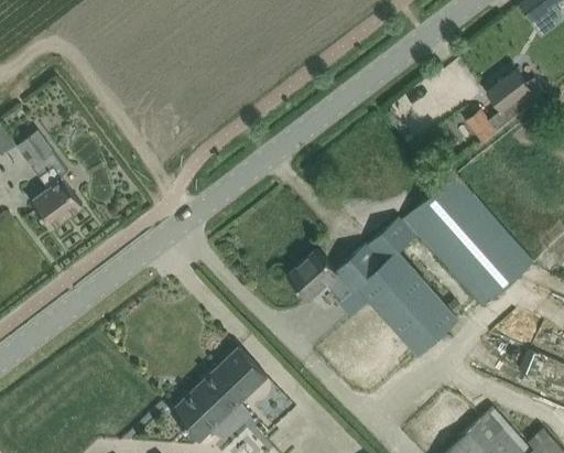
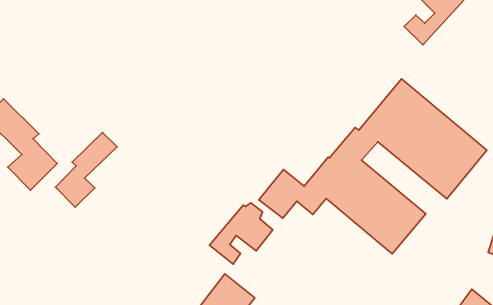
building: none -> [55,132,117,207]
building: none -> [210,203,273,264]

